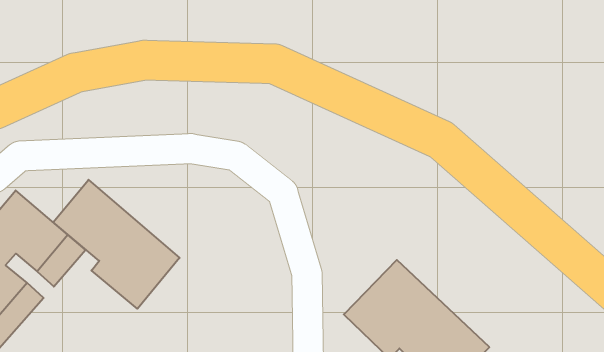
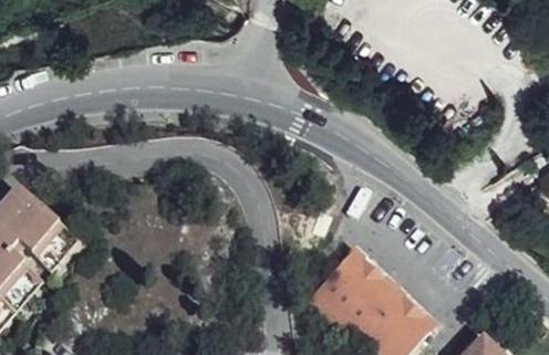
building: [53,180,180,309] -> none

